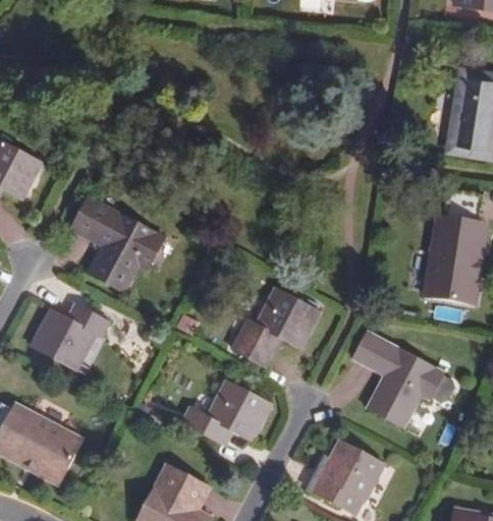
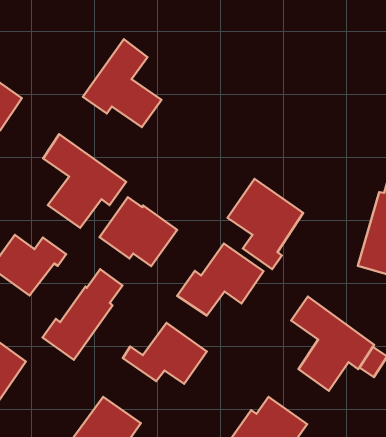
building: none -> [83,39,162,127]
building: none -> [227,179,303,269]
building: none -> [99,197,177,266]
building: none -> [42,269,122,360]

